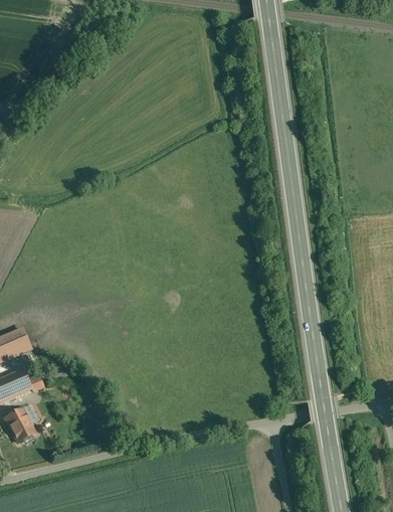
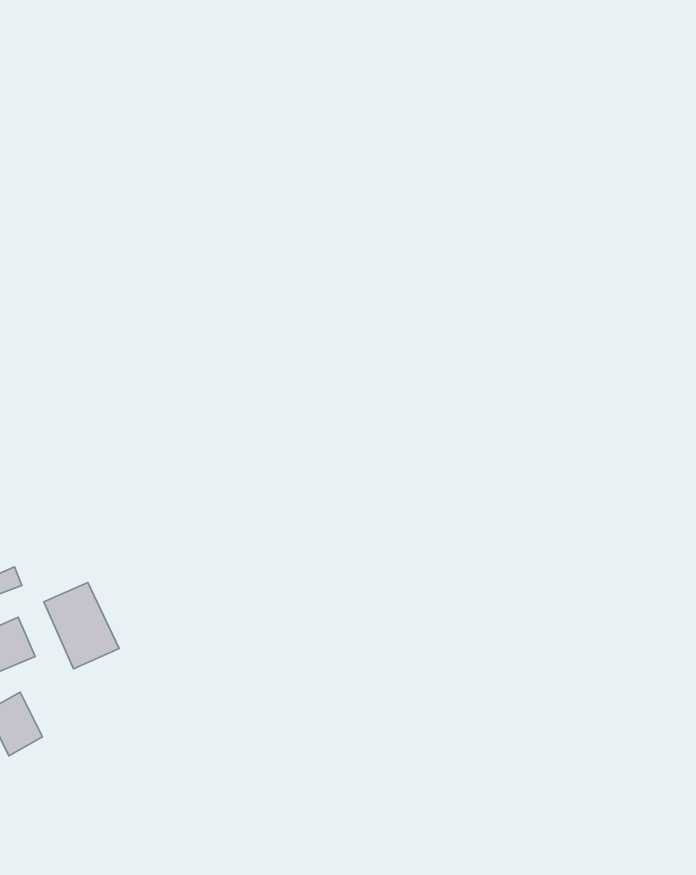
building: none -> [44,583,119,669]

